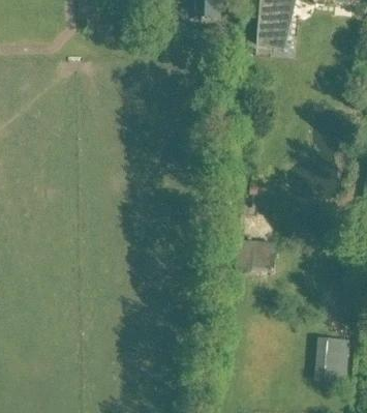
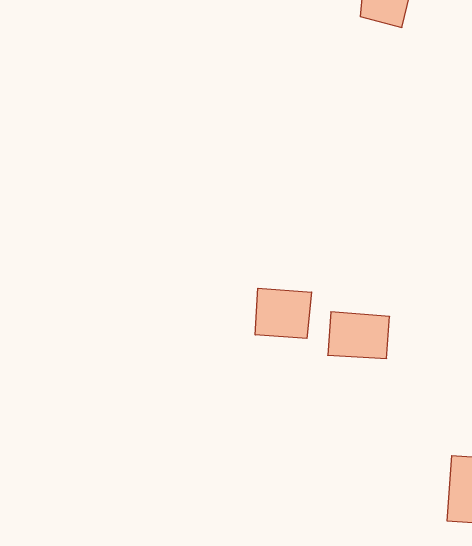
building: none -> [255,288,312,338]

